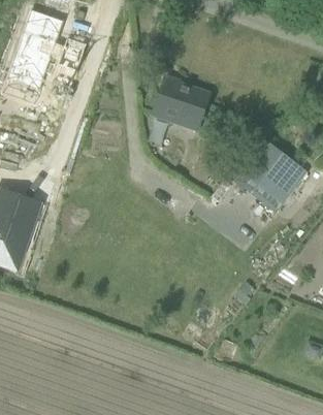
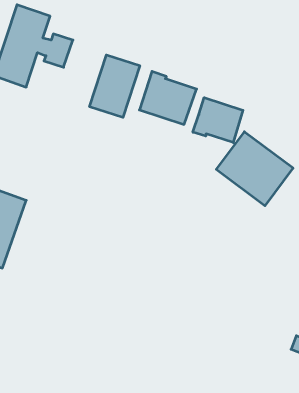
building: none -> [90,55,140,117]
building: none -> [193,98,243,143]

